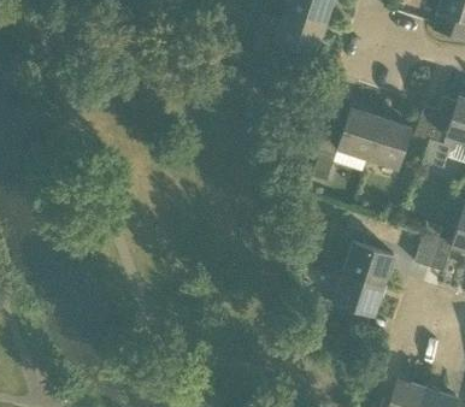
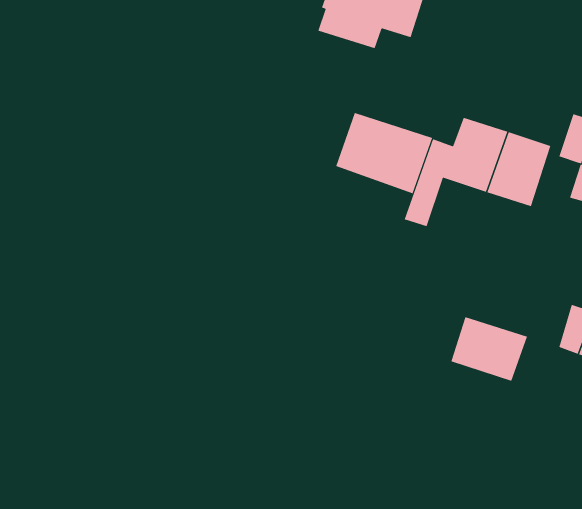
building: none -> [336,112,433,194]
building: [322,272,384,324] -> none

